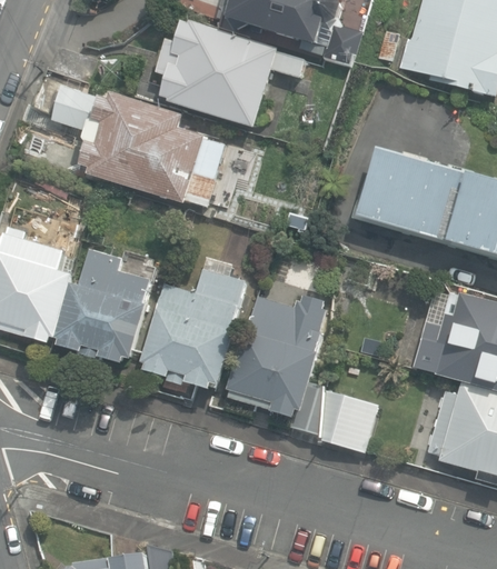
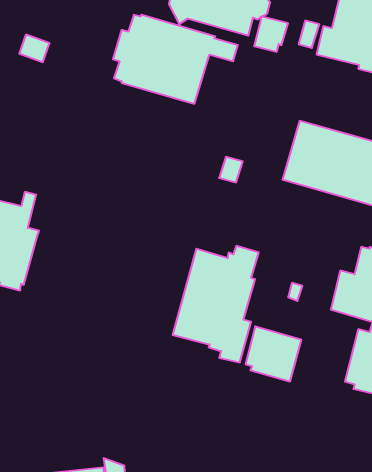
building: [33,70,223,207] -> none
building: [52,249,150,363] -> none
building: [140,269,248,390] -> none

